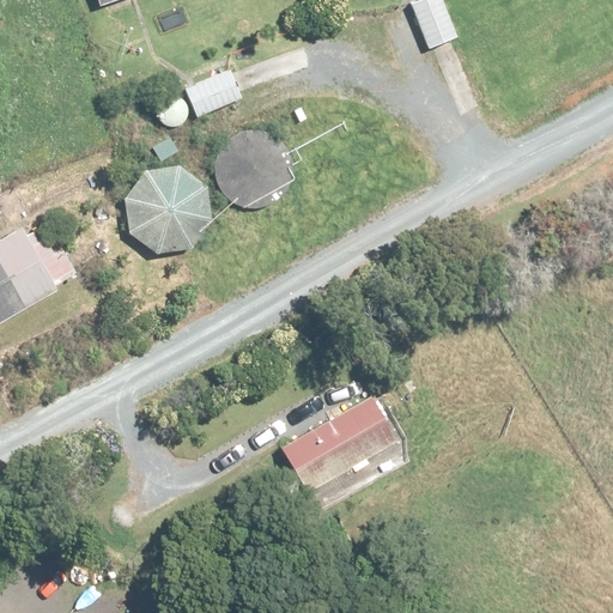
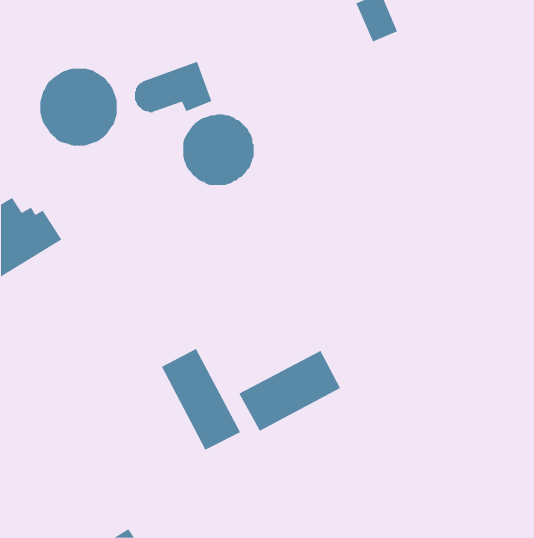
building: [122,164,211,253] -> [39,68,117,146]
building: none -> [161,348,241,450]

